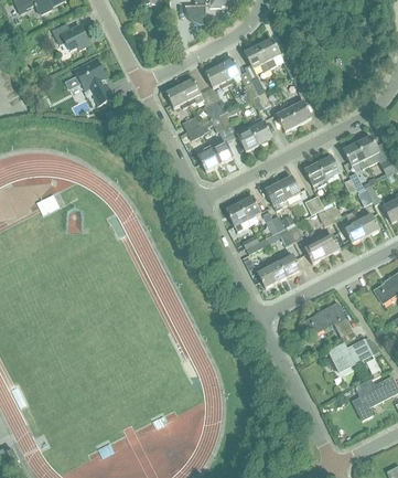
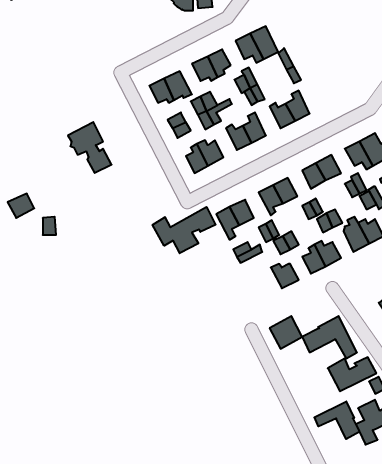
building: [51,22,89,50] -> none
building: [74,57,114,104] -> [68,122,112,173]
building: none -> [153,207,216,253]
building: [256,257,286,287] -> [270,316,302,349]
building: none -> [314,401,359,439]

